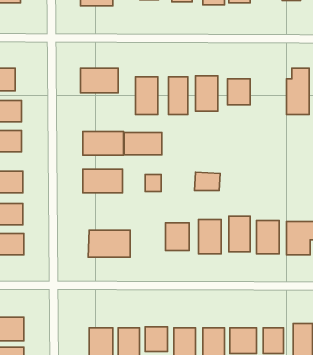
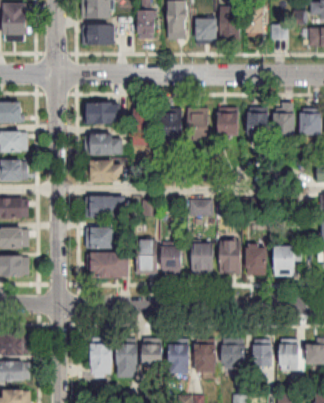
building: none -> [247,112,267,135]
building: [124,132,162,155] -> [83,134,118,155]
building: none -> [84,227,113,249]
building: none -> [136,240,154,274]

